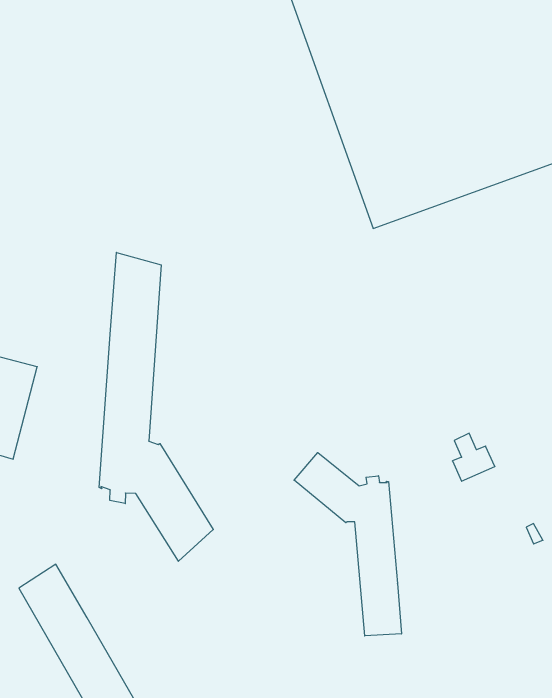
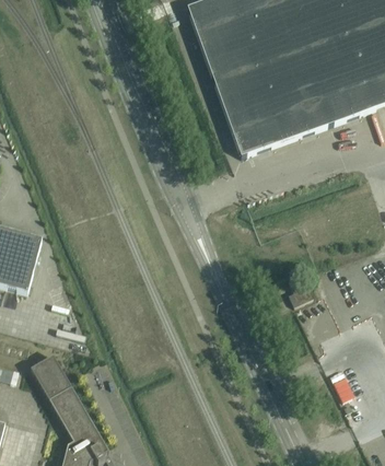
building: [99,252,213,561] -> none
building: [294,453,401,636] -> none

